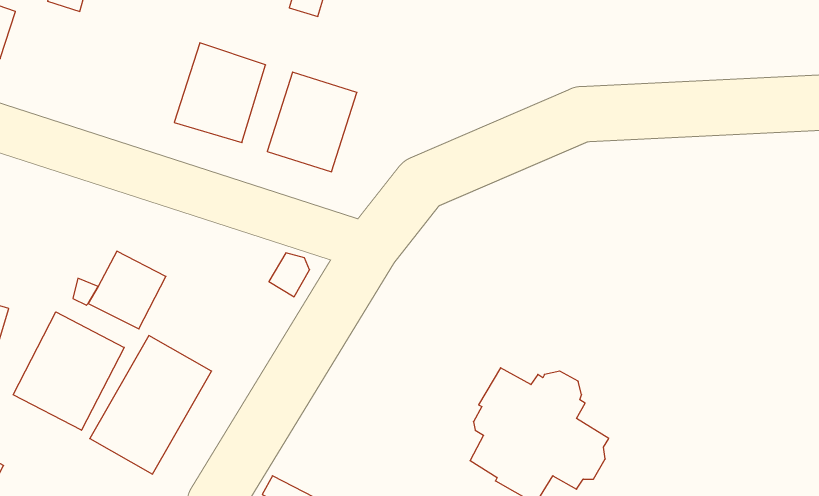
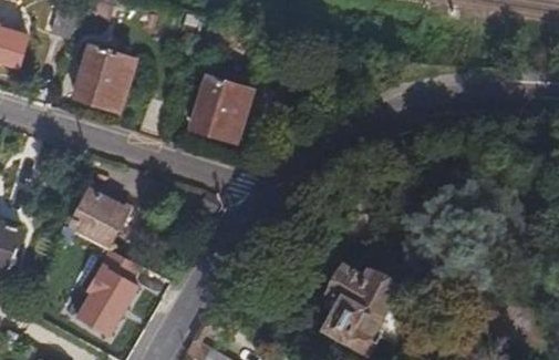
building: [174,43,266,143] -> [71,43,131,109]
building: [13,312,124,430] -> none

